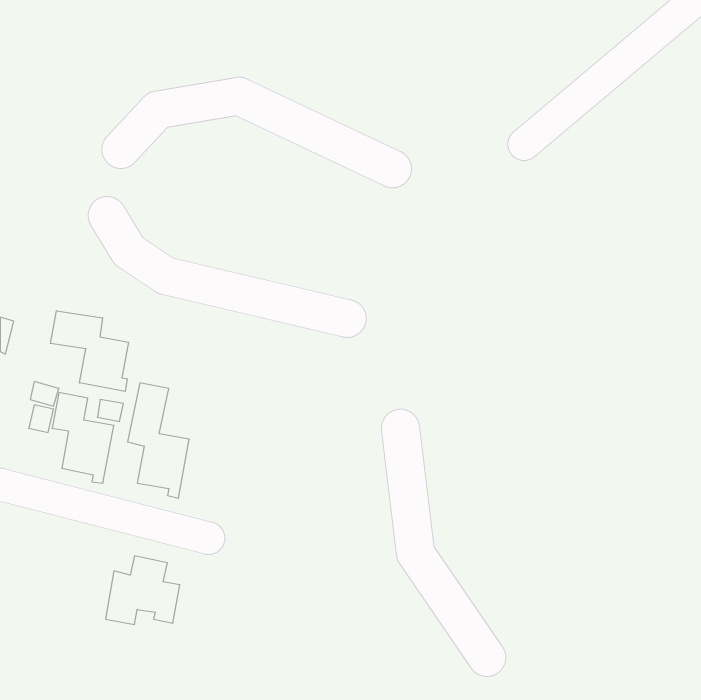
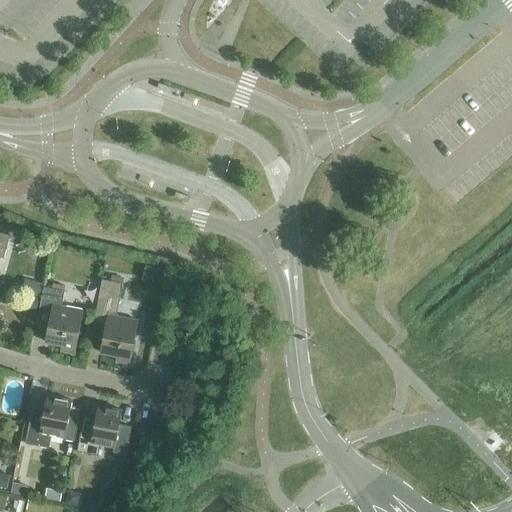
building: [50,311,129,391] -> none
building: none -> [25,395,80,447]

